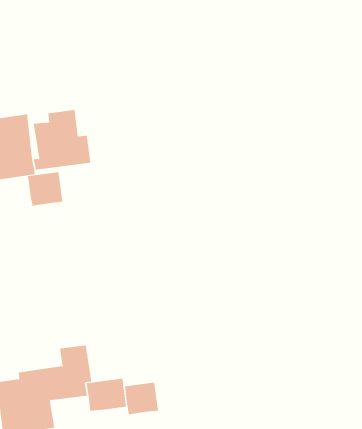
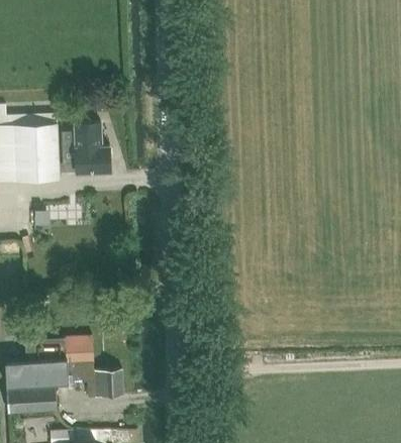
building: [28,172,63,206] -> none
building: [124,382,159,415] -> none

